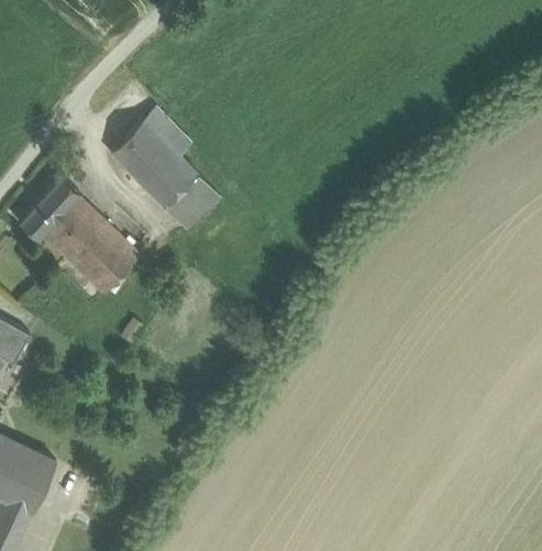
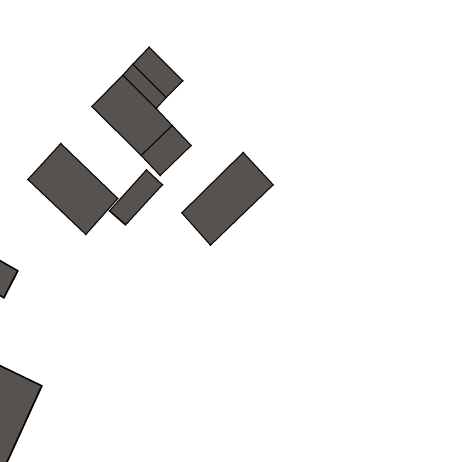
building: none -> [133,47,183,98]
building: [20,176,78,236] -> [109,170,163,225]
building: none -> [182,153,273,245]

